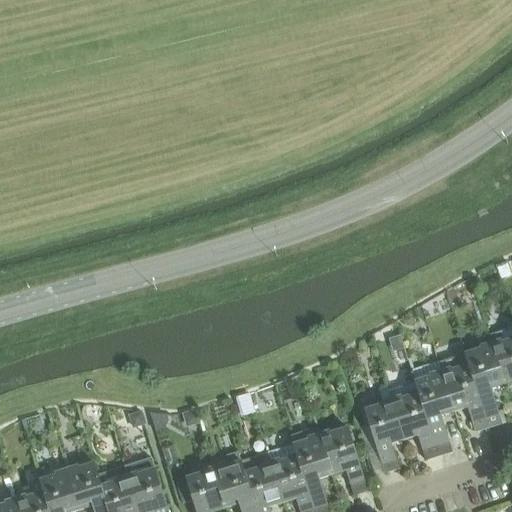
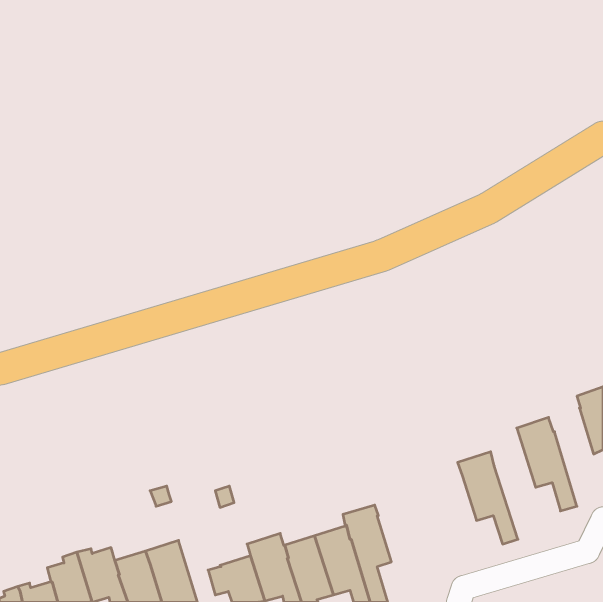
building: [464,345,502,428] -> none
building: [412,362,453,456] -> none
building: [364,386,403,473] -> none
building: [319,428,367,495] -> none

